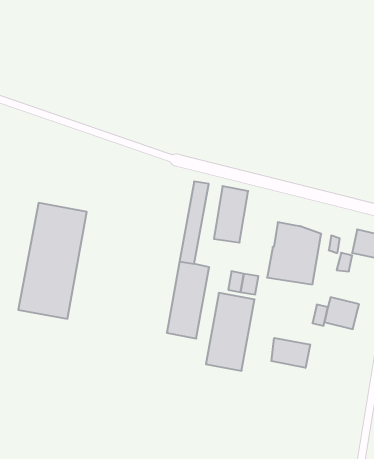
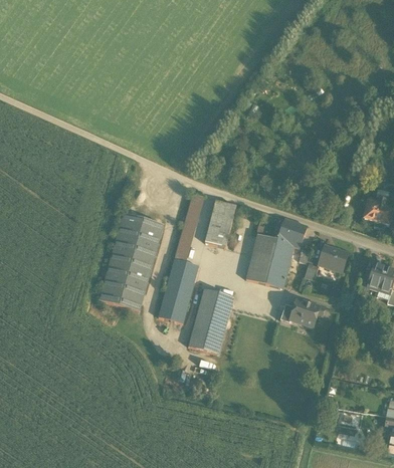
building: none -> [276,218,307,248]
building: [18,203,87,319] -> [98,213,163,311]
building: [271,338,310,368] -> none

